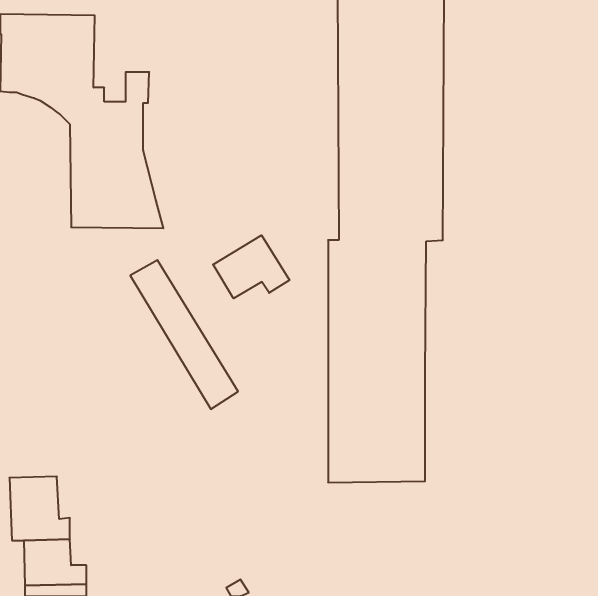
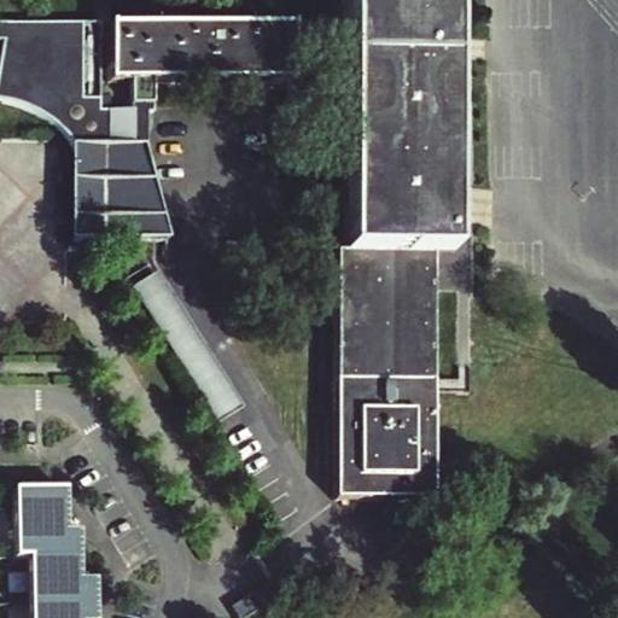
building: none -> [113,18,298,76]
building: [213,235,289,298] -> none

